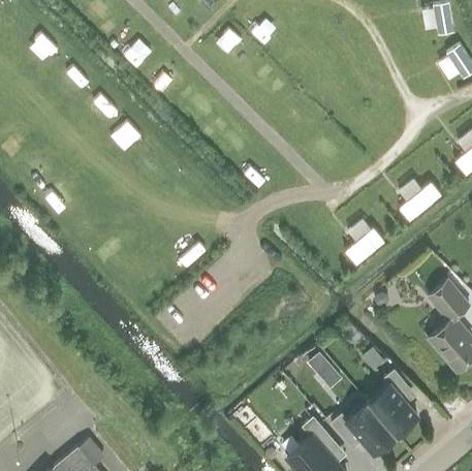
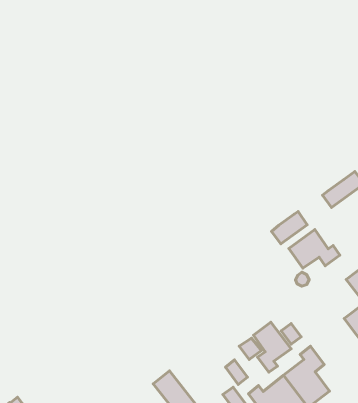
building: none -> [289,229,340,268]
building: none -> [253,322,291,372]

